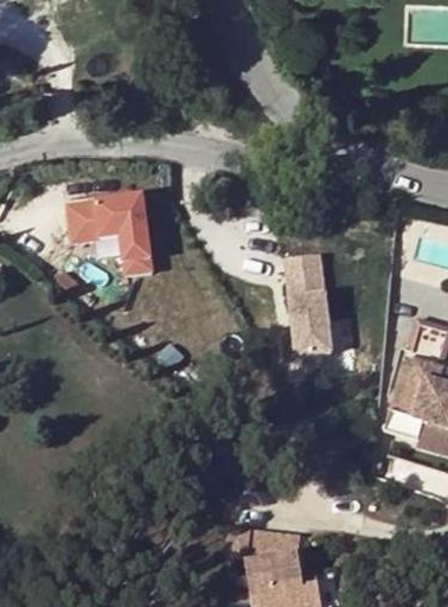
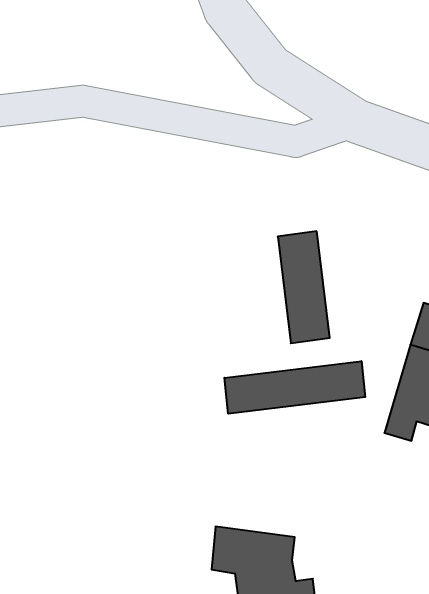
building: [66,196,151,274] -> none
building: none -> [224,361,365,414]

